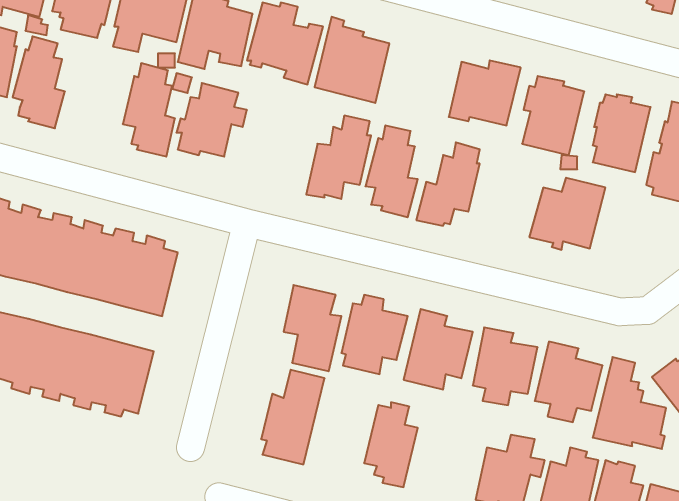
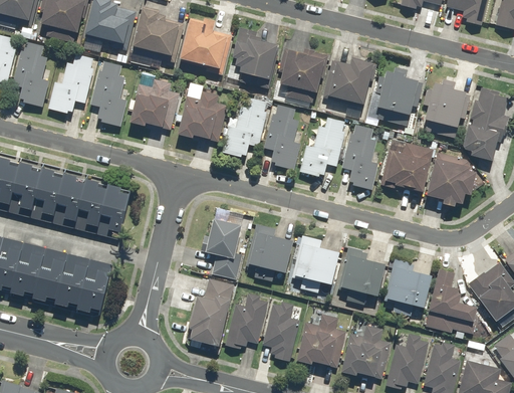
building: none -> [278,49,326,104]
building: none -> [48,54,93,113]
building: none -> [176,87,227,139]
building: none -> [341,124,378,190]
building: none -> [427,152,477,206]
building: none -> [224,293,269,349]
building: none -> [296,315,345,365]

